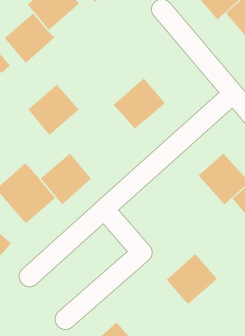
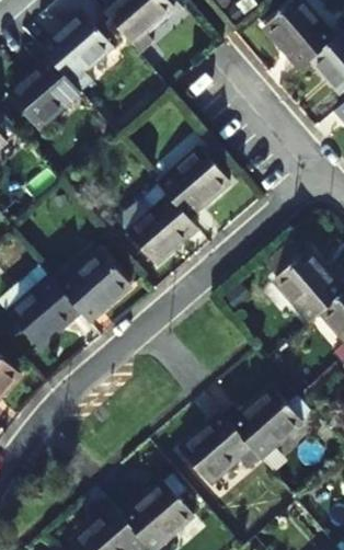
building: [27,84,80,136] -> [125,195,196,266]
building: none -> [180,415,251,485]

